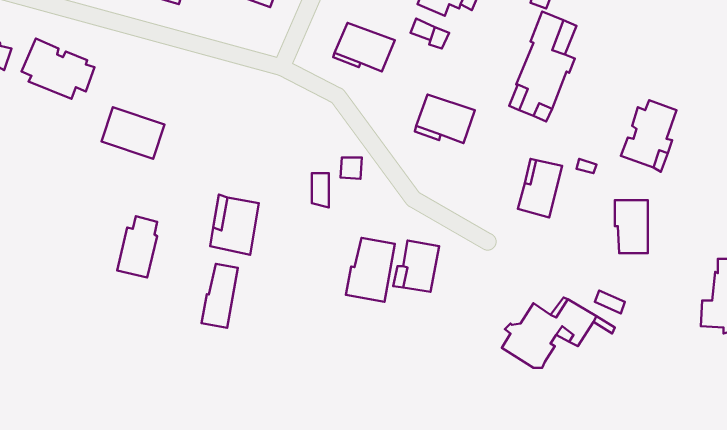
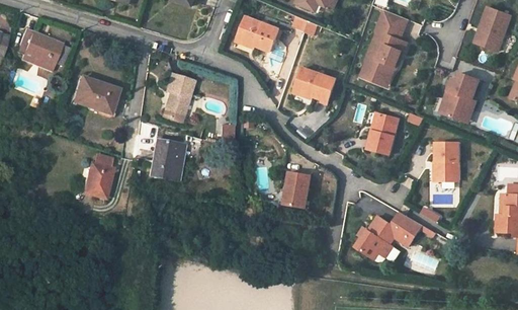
building: none -> [477,7,510,51]
building: none -> [161,74,193,123]
building: [346,238,395,302] -> none
building: [201,264,238,328] -> none

